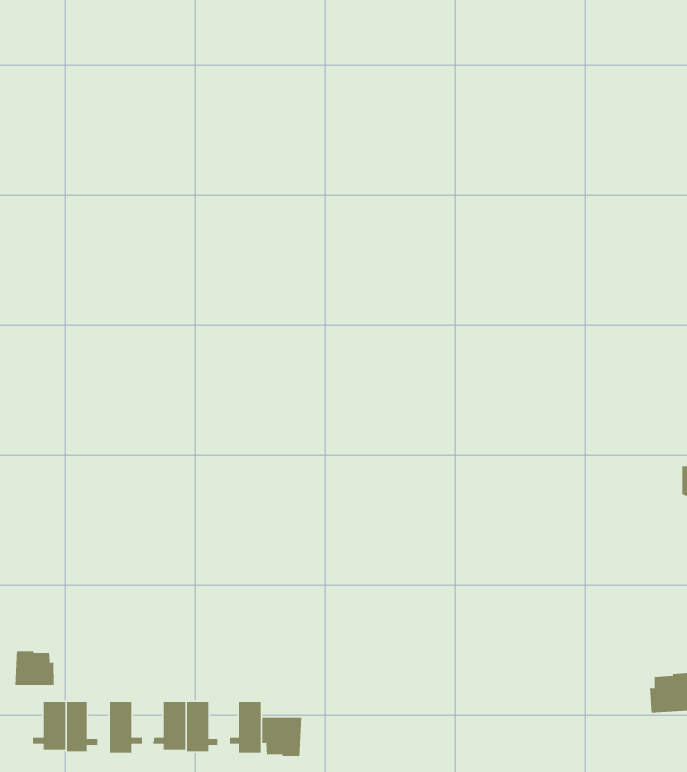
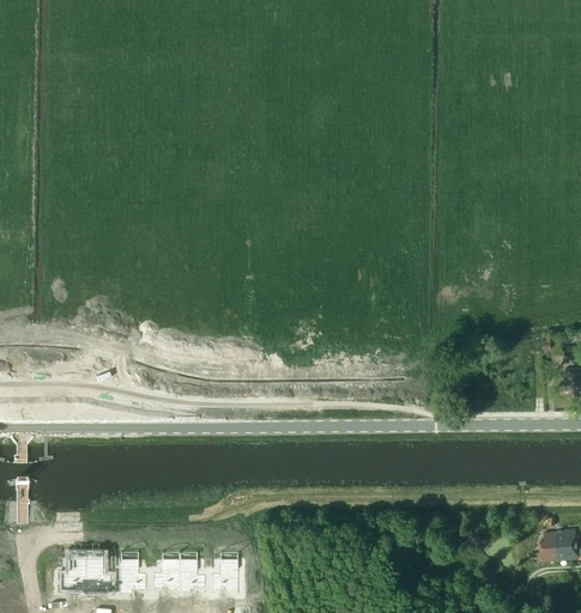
building: [14,651,54,686] -> none
building: [261,717,302,757] -> none

